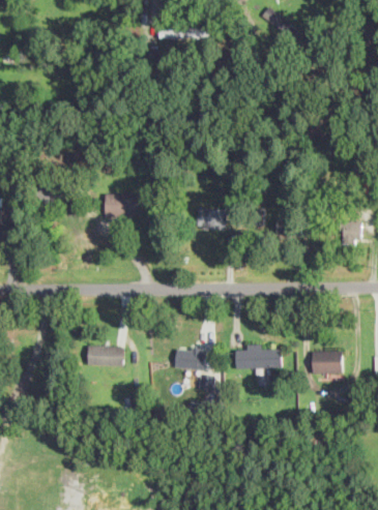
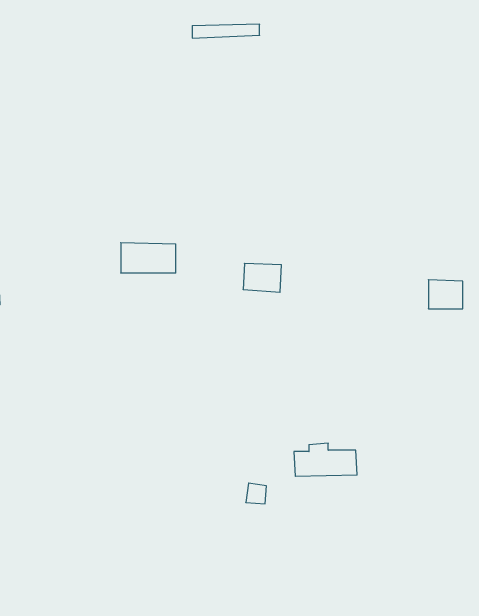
building: [86,346,122,366] -> none
building: [173,349,205,371] -> none
building: [312,351,343,373] -> none

